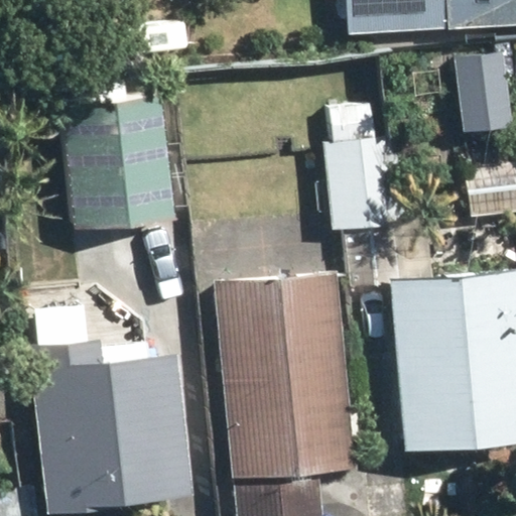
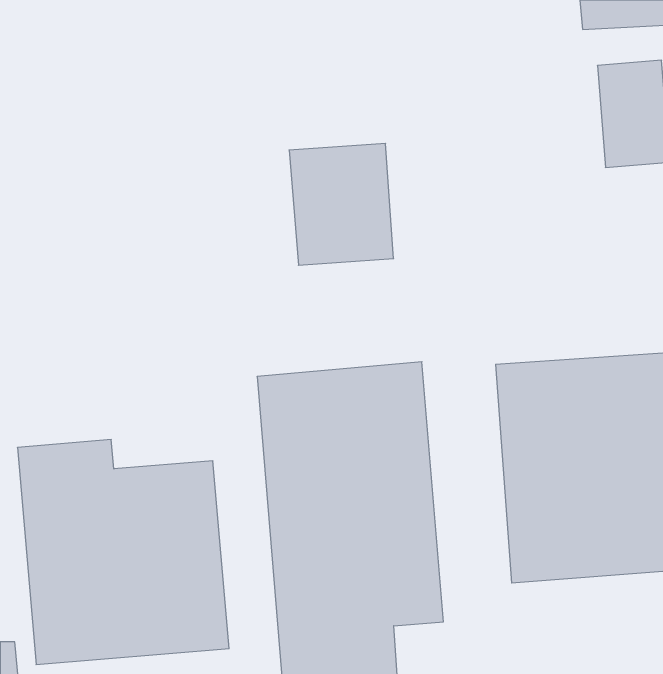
building: [61,94,175,229] -> none
building: [326,140,404,232] -> [289,143,394,265]

